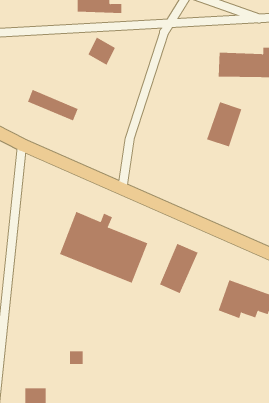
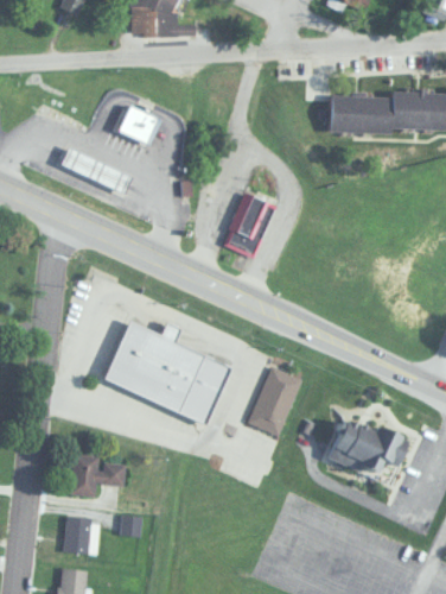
building: [87,37,116,66] -> [119,105,159,145]
building: [206,102,242,147] -> [223,192,274,257]
building: none -> [69,454,126,497]
building: none -> [64,517,97,555]

